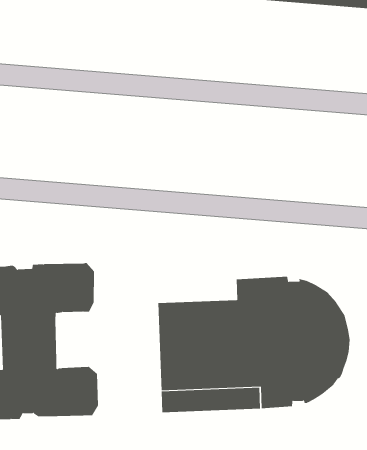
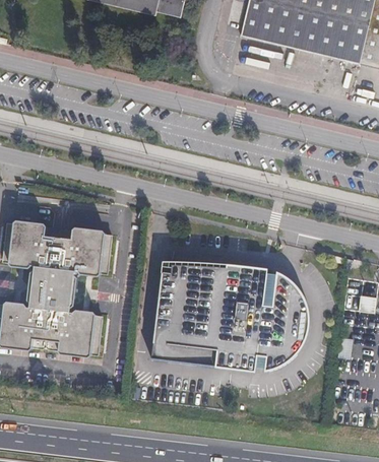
building: none -> [161,261,226,279]

